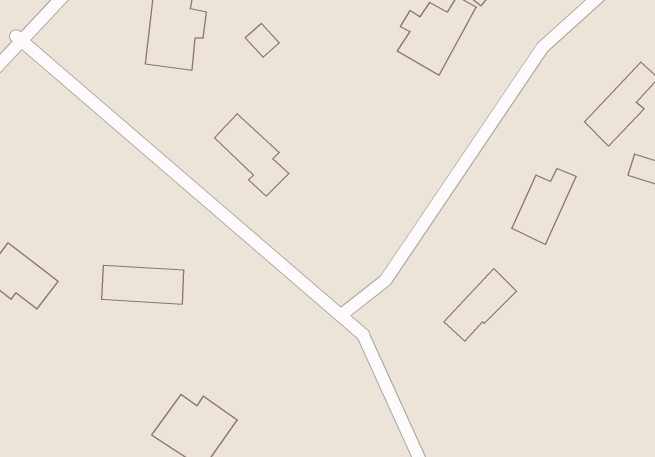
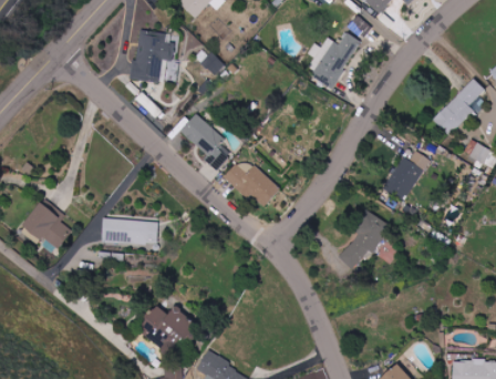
building: none -> [223,154,278,205]

